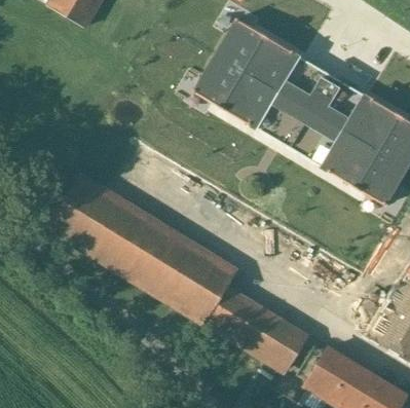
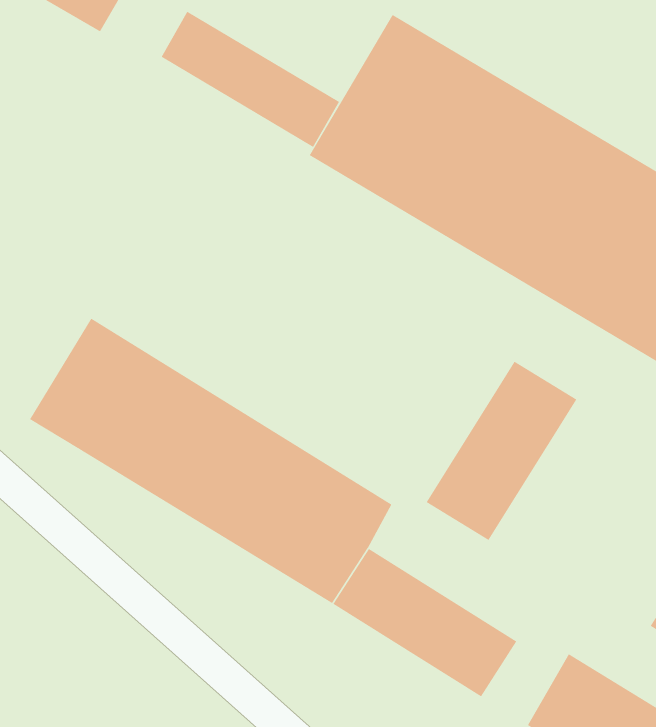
building: none -> [161,11,340,148]
building: none -> [426,361,577,541]

